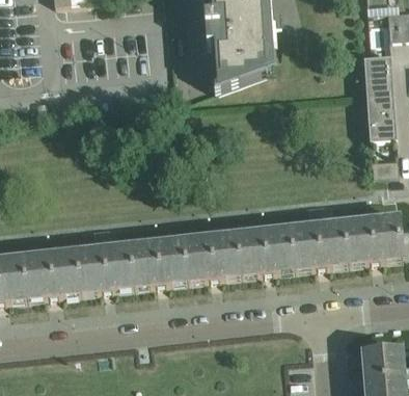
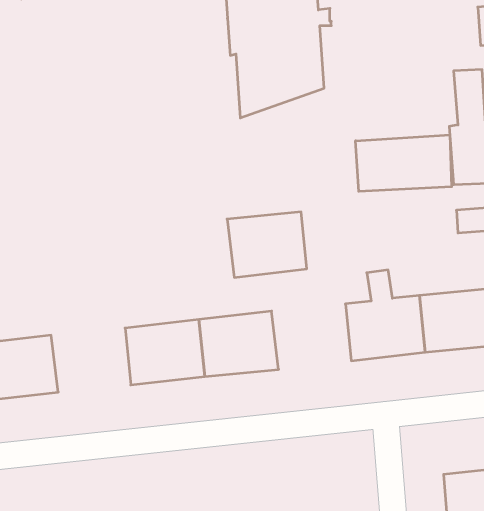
building: none -> [356,135,452,191]
building: [76,228,134,293] -> none
building: [237,229,295,276] -> [227,212,307,277]

